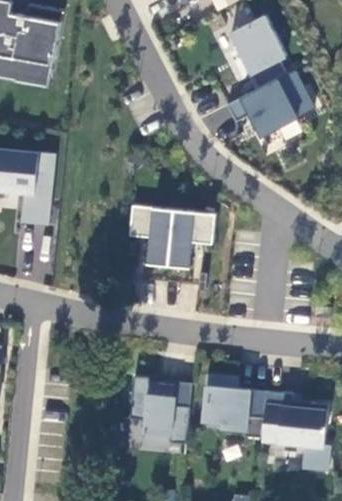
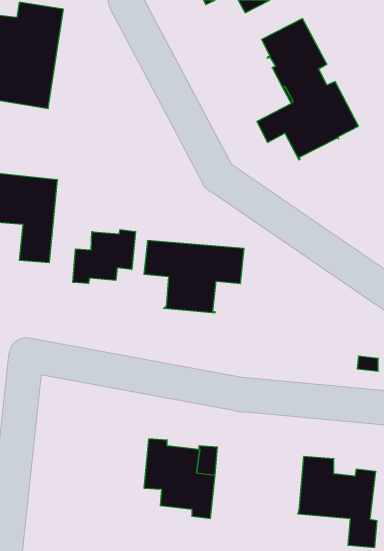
building: none -> [73,230,136,284]
building: [203,374,266,437] -> none

